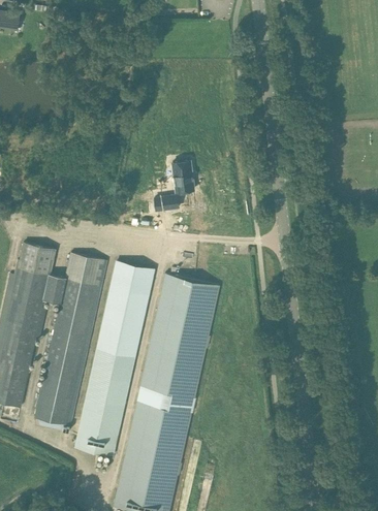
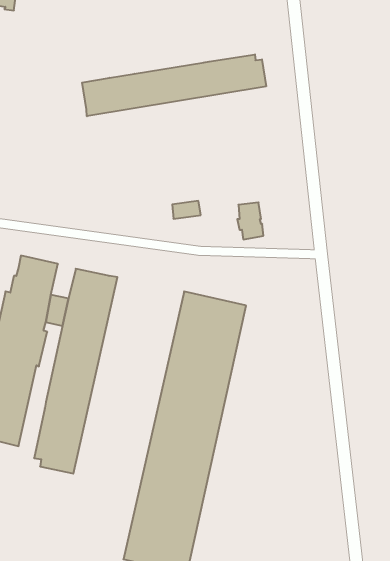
building: none -> [82,54,266,116]
building: [171,161,194,193] -> [237,202,263,239]
building: [75,261,155,456] -> none

